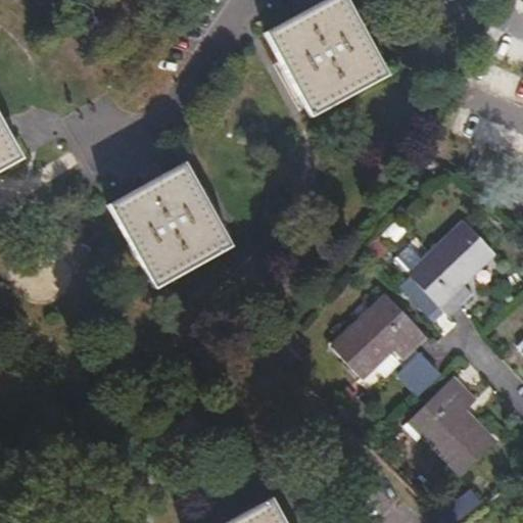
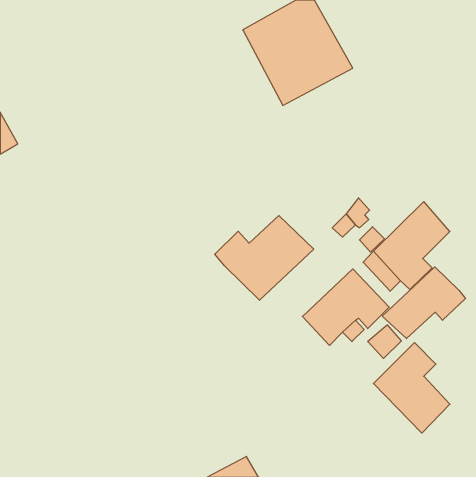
building: [109,164,229,287] -> none
building: none -> [215,216,314,300]
building: none -> [382,267,465,339]

